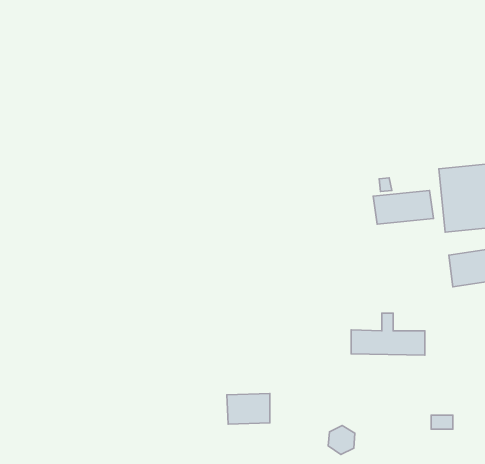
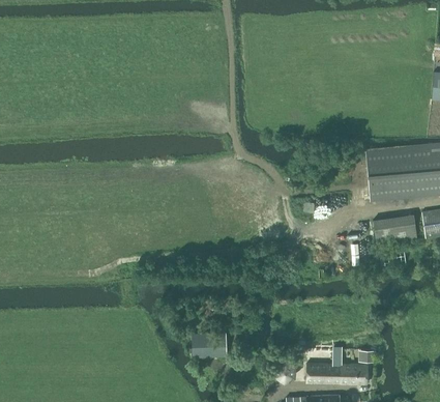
building: [373,190,433,224] -> none
building: [351,313,425,355] -> [306,349,366,383]

